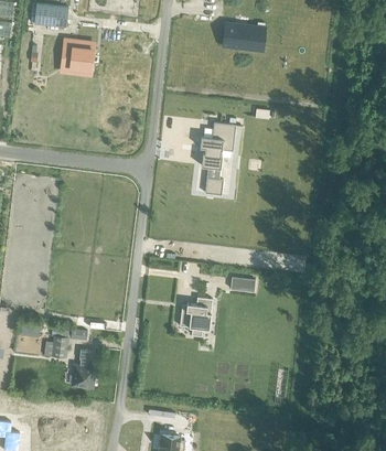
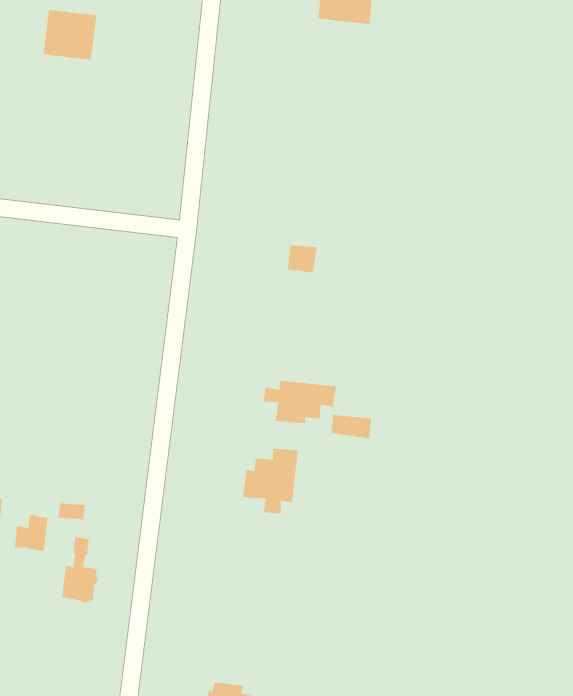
building: [200,121,236,168] -> none
building: none -> [263,380,337,424]

